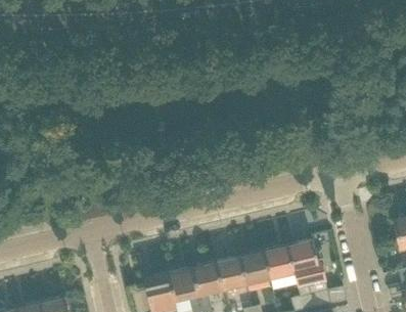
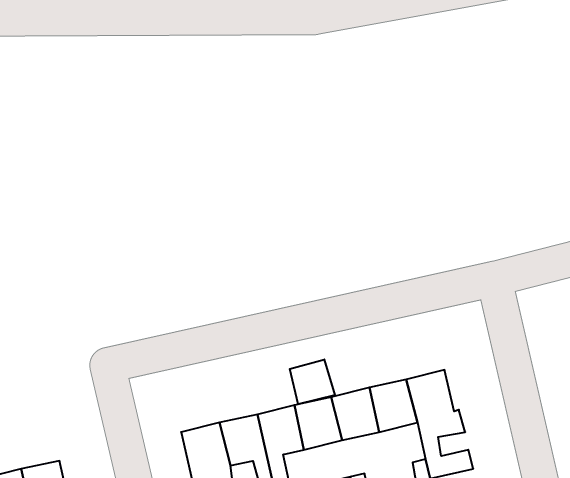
building: none -> [290,359,335,404]

